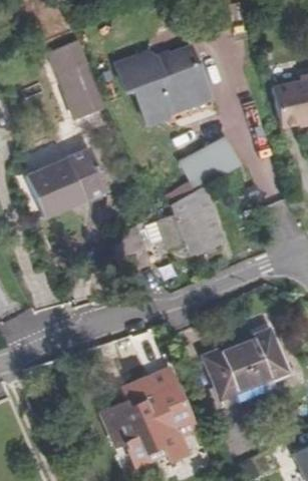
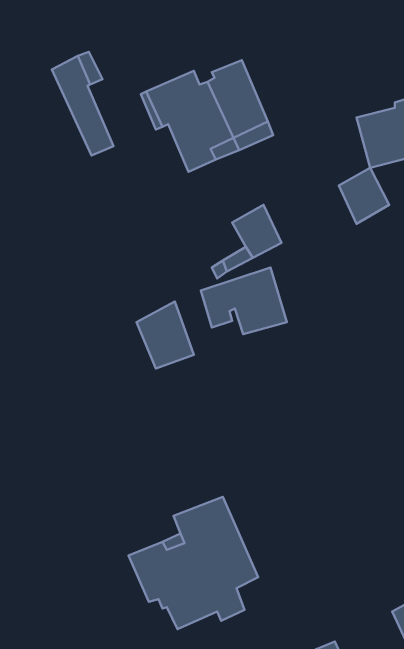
building: [202,140,239,181] -> [339,168,389,224]
building: [26,145,105,213] -> none
building: [203,330,283,395] -> none

